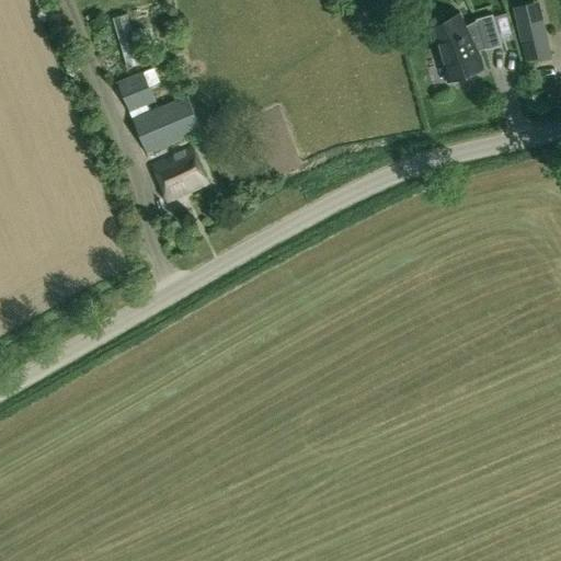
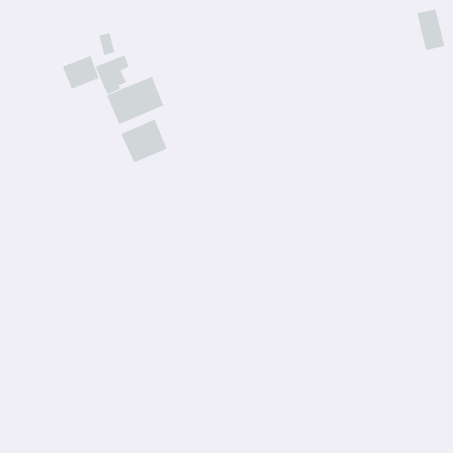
building: [431,13,502,79] -> none
building: none -> [62,55,99,89]

